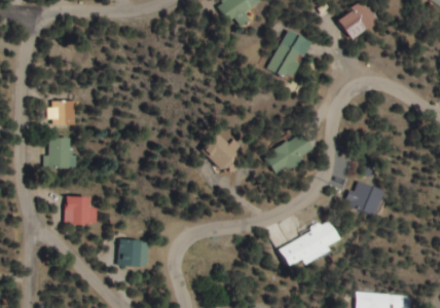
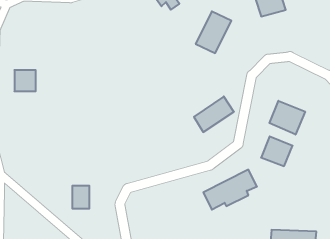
building: [203,132,245,170] -> none
building: [49,137,74,168] -> none
building: none -> [269,101,305,135]
building: [65,196,95,224] -> none

